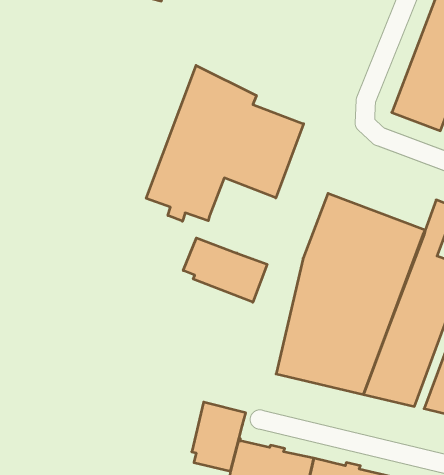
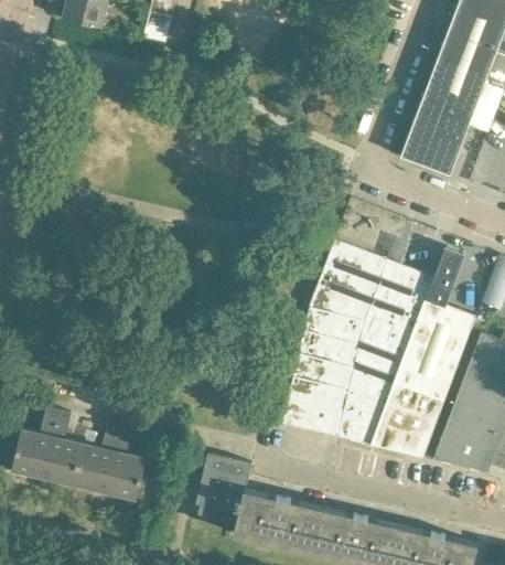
building: [146,65,304,221] -> none
building: [183,238,267,302] -> none
building: none -> [11,407,146,500]

